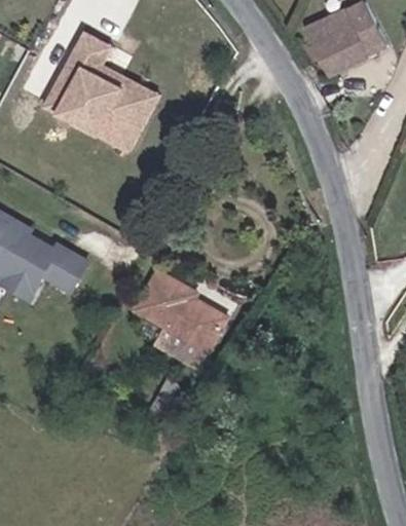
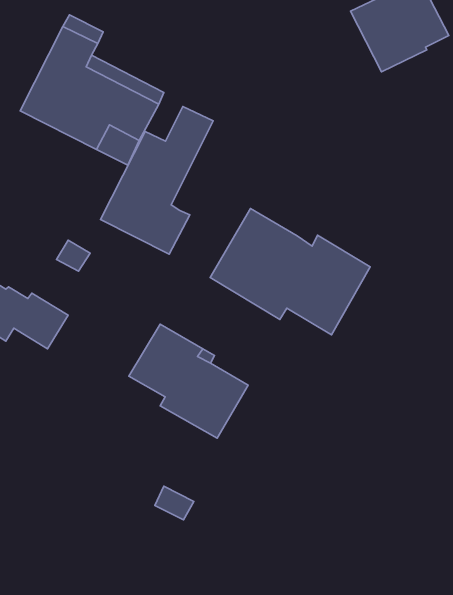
building: none -> [101,107,213,254]
building: none -> [210,209,370,335]

